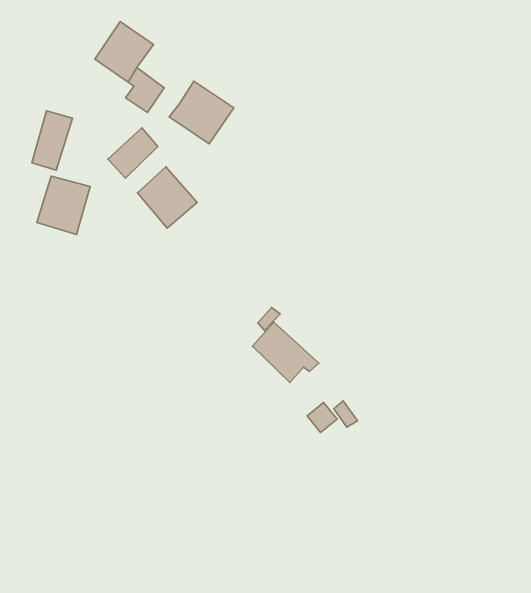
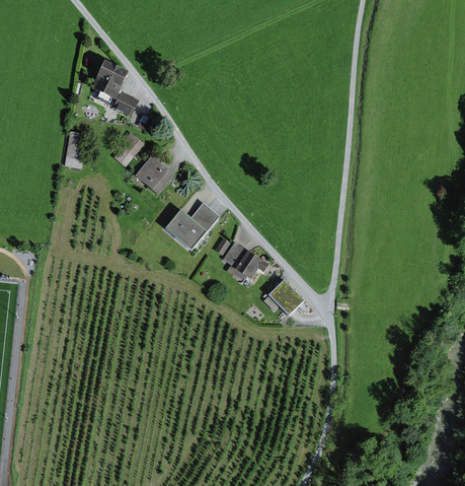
building: [169,81,234,144] -> none
building: [37,176,90,234] -> none
building: none -> [164,203,219,251]

